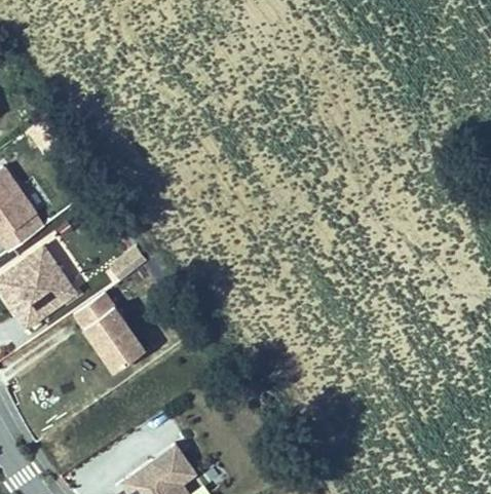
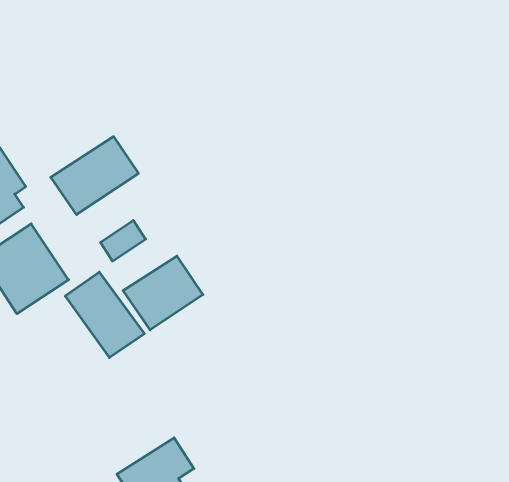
building: none -> [51,137,138,215]
building: none -> [123,256,203,330]

